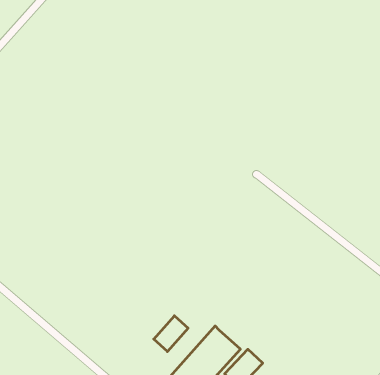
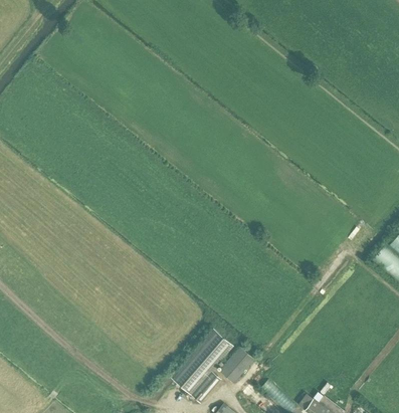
building: [154,316,188,352] -> none

